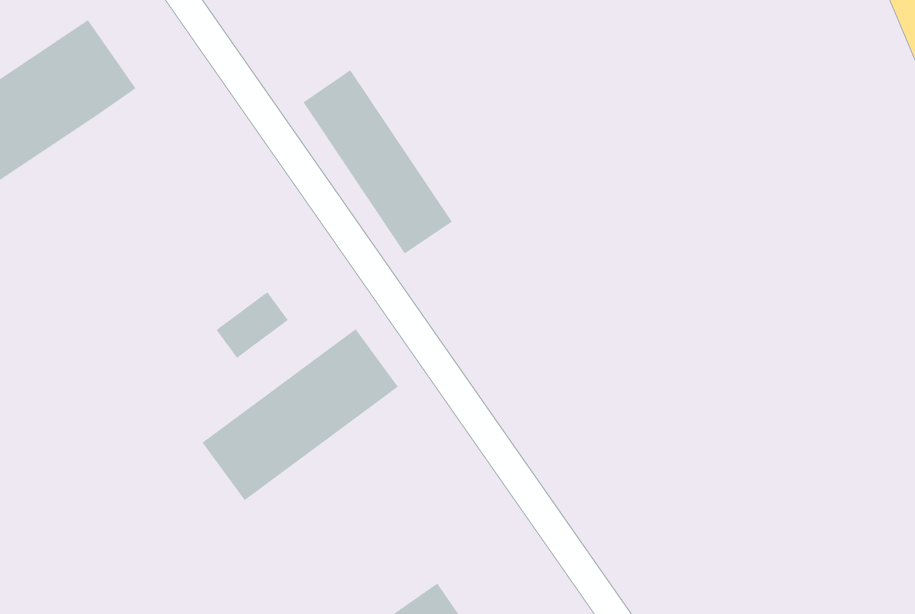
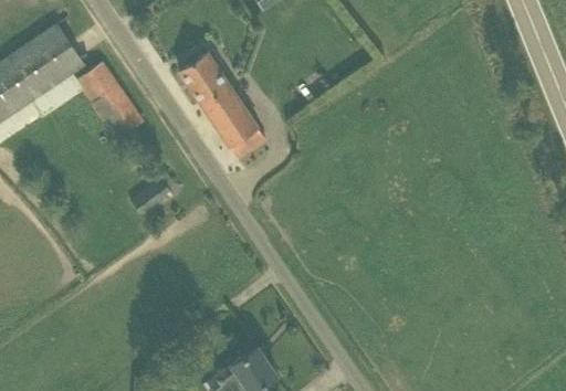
building: none -> [75,62,143,140]
building: [201,328,399,501] -> none

